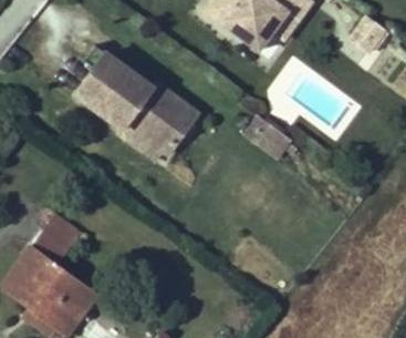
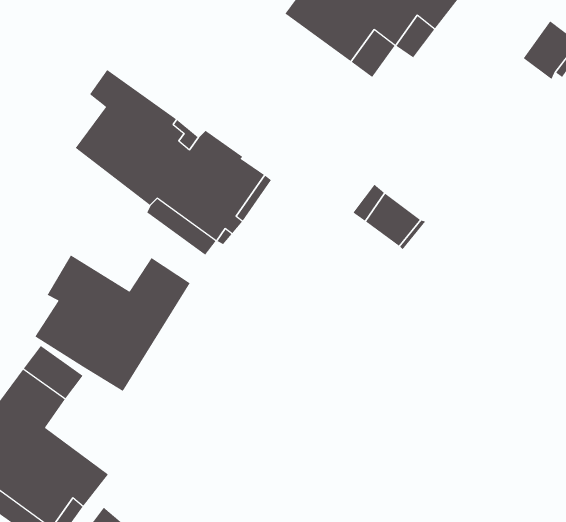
building: none -> [35,255,190,392]

